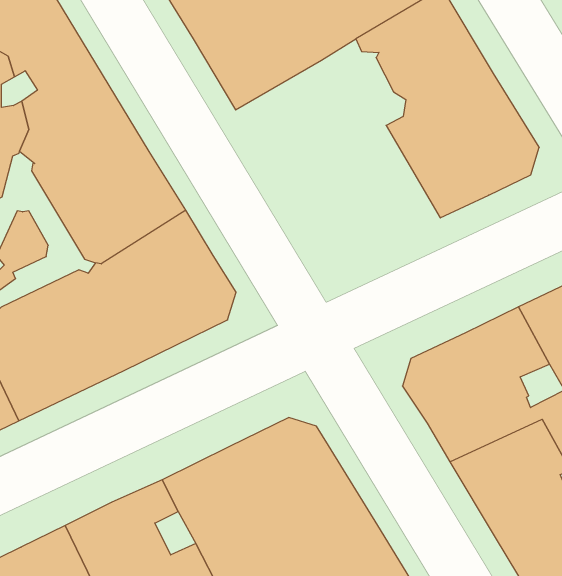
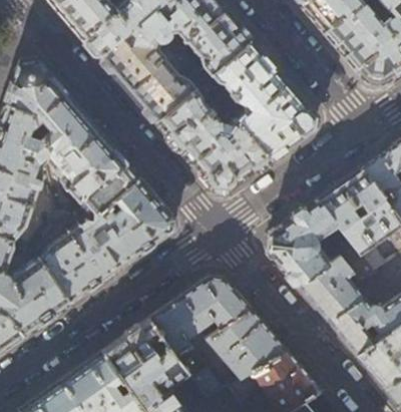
building: none -> [154,90,270,191]

